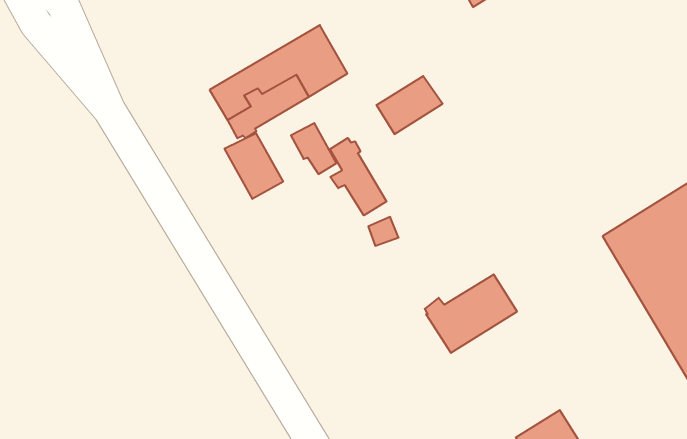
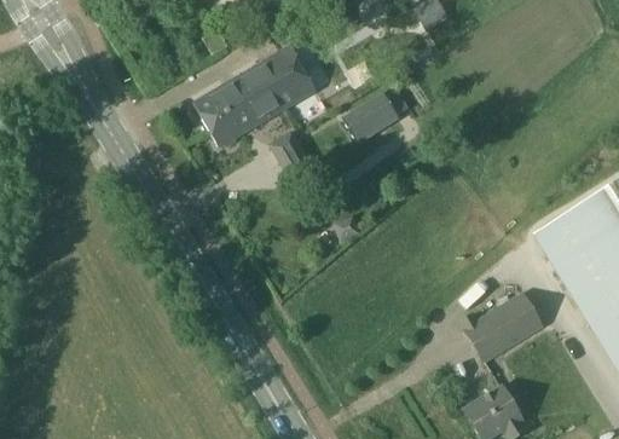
building: [225,133,283,199] -> none
building: [330,138,386,215] -> none
building: [425,274,517,353] -> [461,293,542,362]

